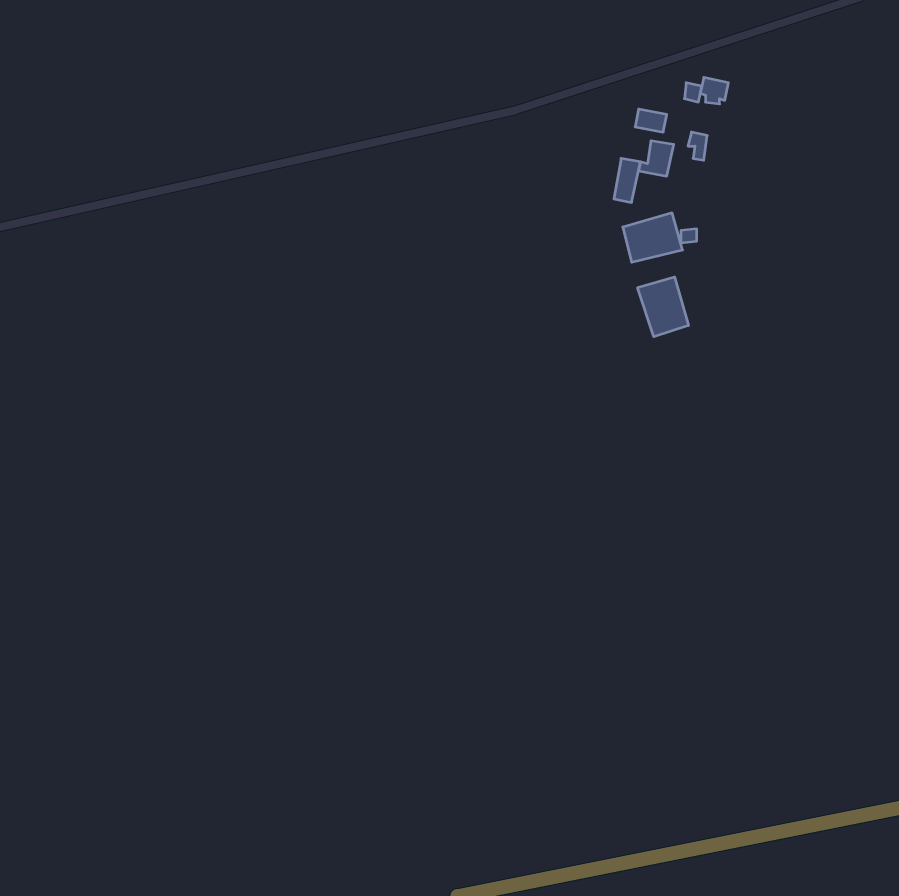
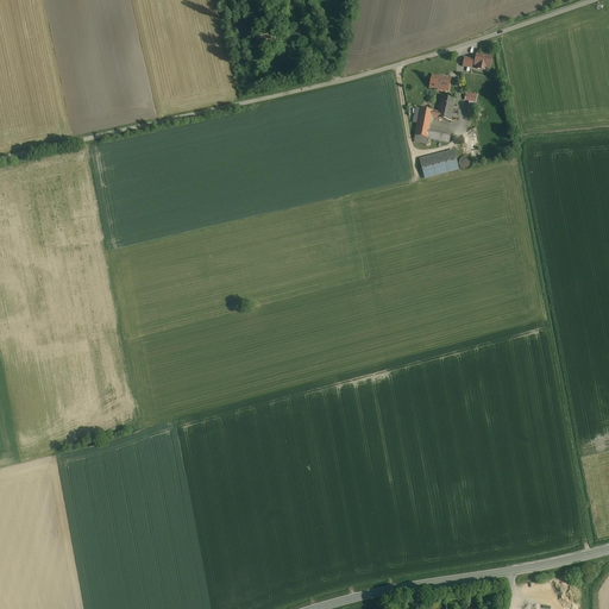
building: [638,277,688,337] -> none

